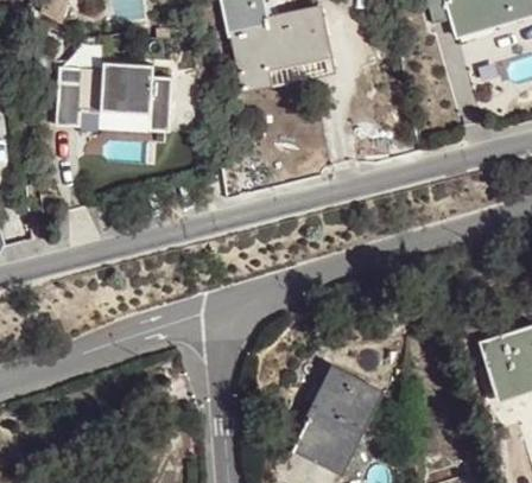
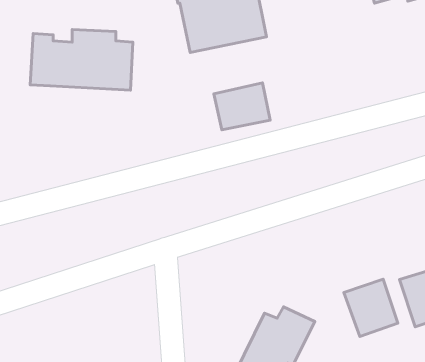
building: none -> [214,83,270,130]
building: none -> [344,279,398,337]

